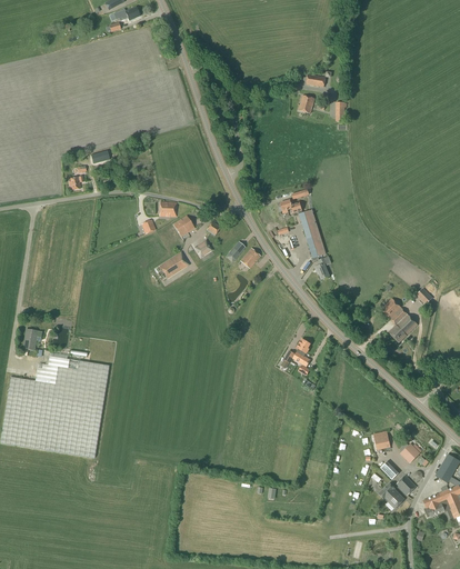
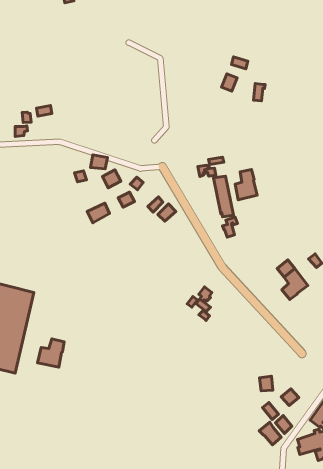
building: none -> [235,169,257,200]
building: none -> [37,339,64,367]

